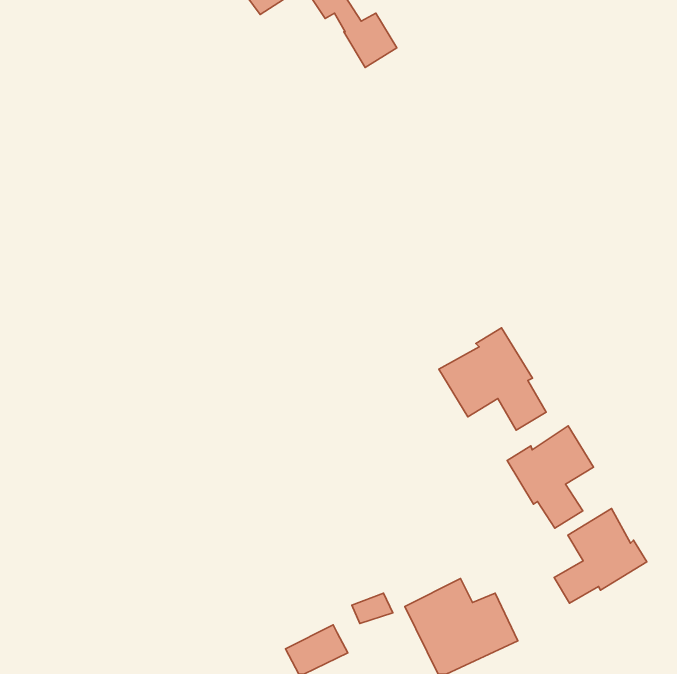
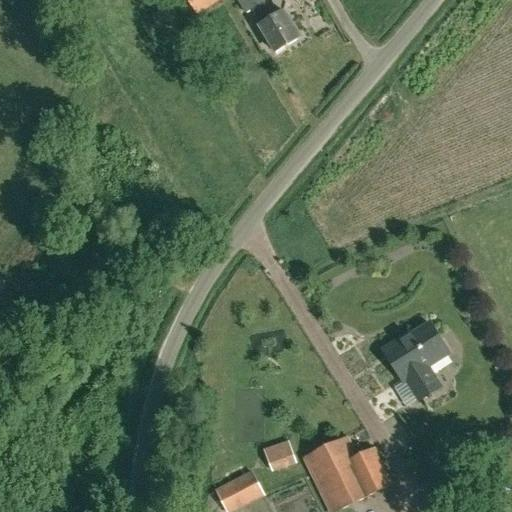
building: [439,328,546,430] -> none
building: [554,509,647,603] -> none

